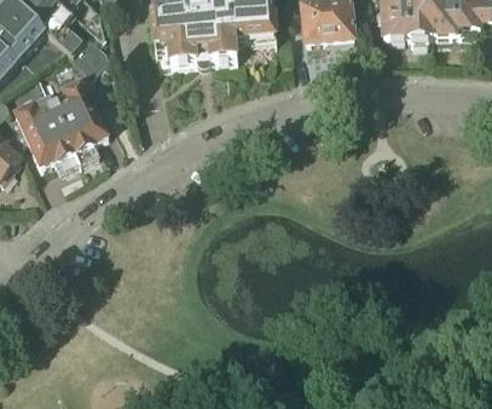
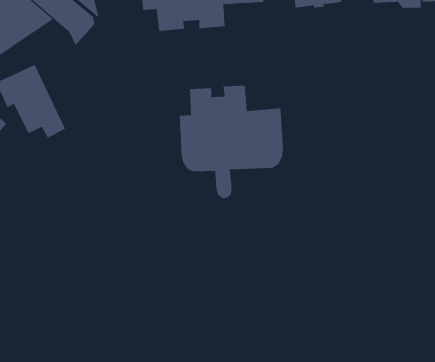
building: [47,80,106,160] -> none
building: none -> [179,85,284,199]

